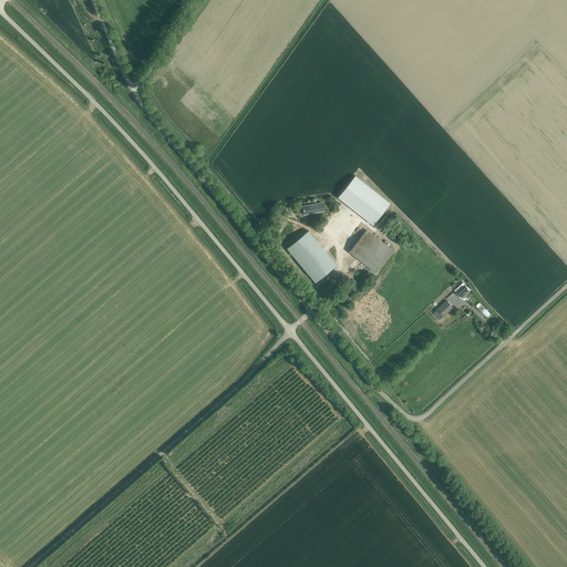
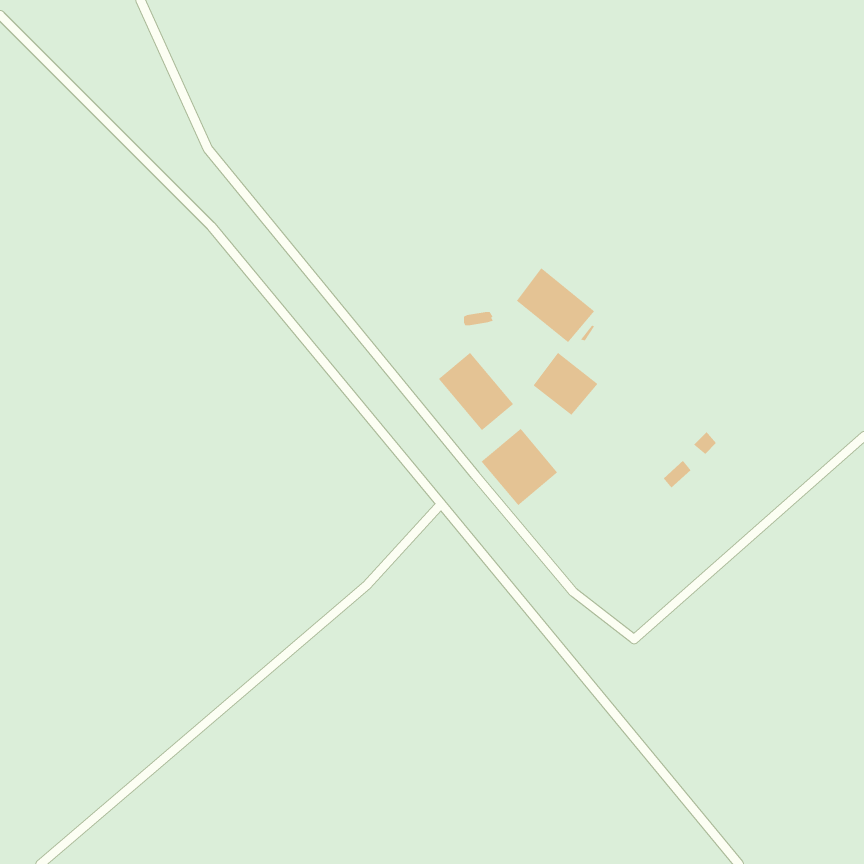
building: none -> [481,428,558,506]

